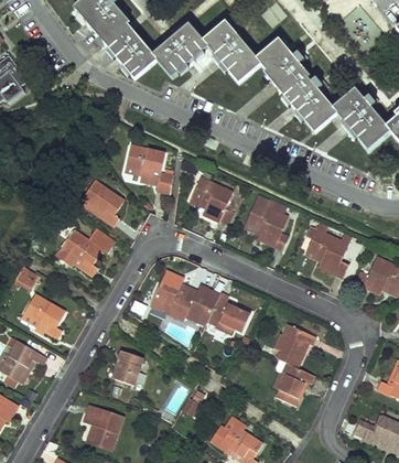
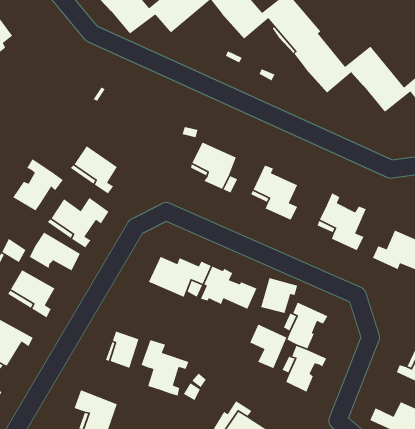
building: [125,144,171,196] -> none
building: none -> [12,158,64,212]
building: none -> [29,232,81,271]
building: none -> [260,277,298,314]
building: none -> [249,323,287,369]
building: none -> [141,339,189,397]

